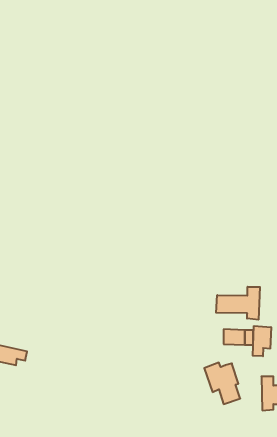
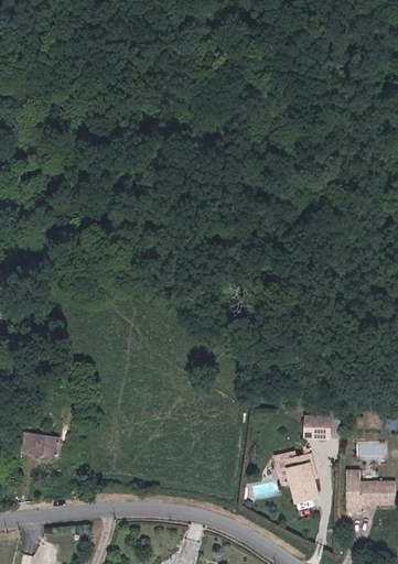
building: [216,287,260,320] -> none
building: [253,326,271,356] -> none

